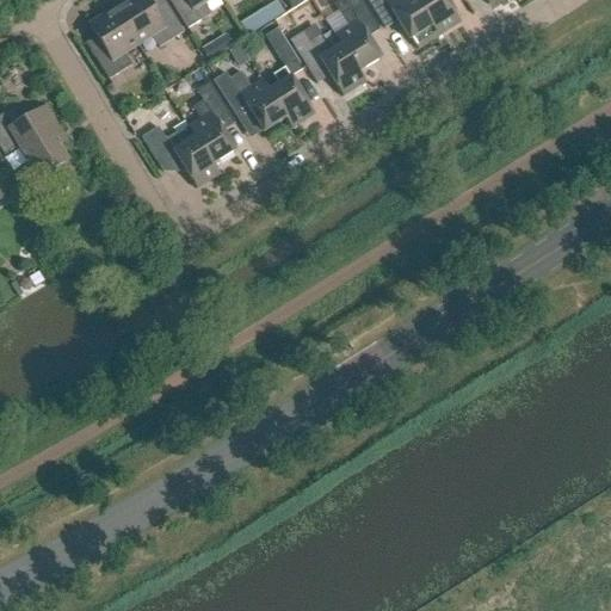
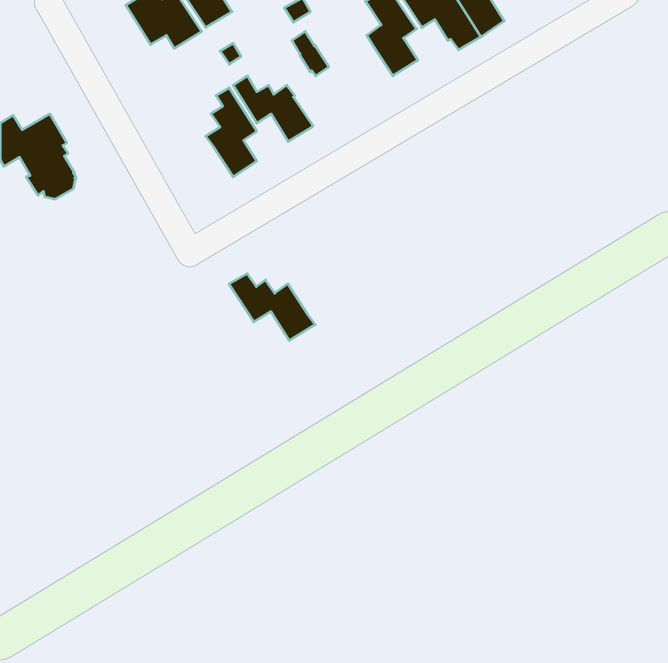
building: [90,5,138,75] -> none
building: [290,29,366,93] -> none
building: [269,64,315,125] -> none
building: [142,124,221,185] -> [229,274,315,340]

